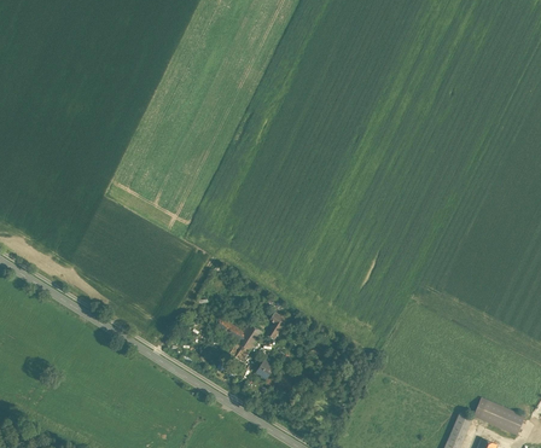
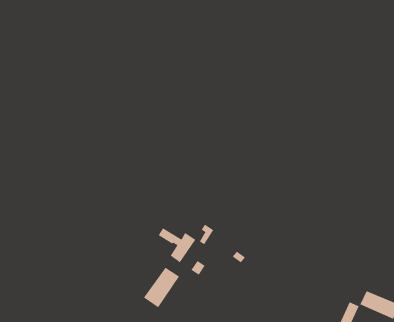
building: none -> [143,267,180,308]

